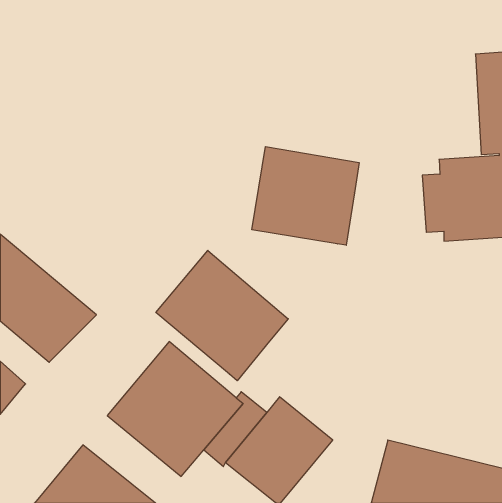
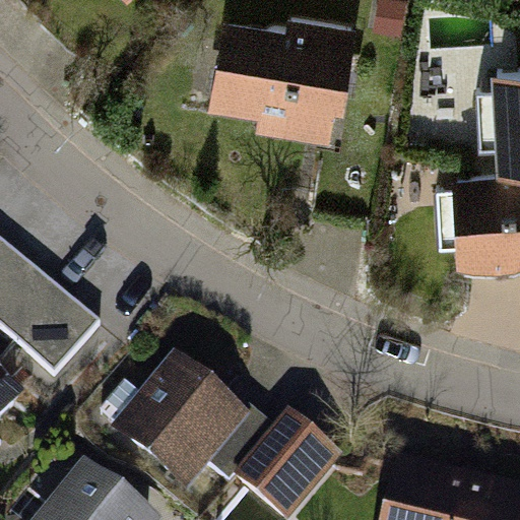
building: none -> [209,6,359,133]
building: [252,147,359,245] -> none
building: [156,250,288,381] -> none

